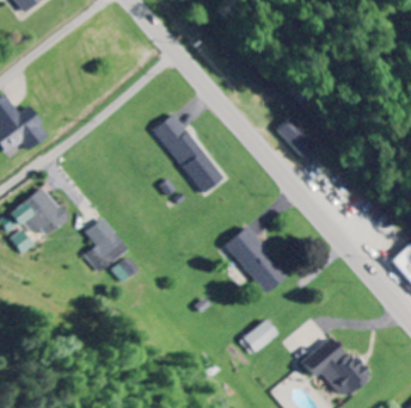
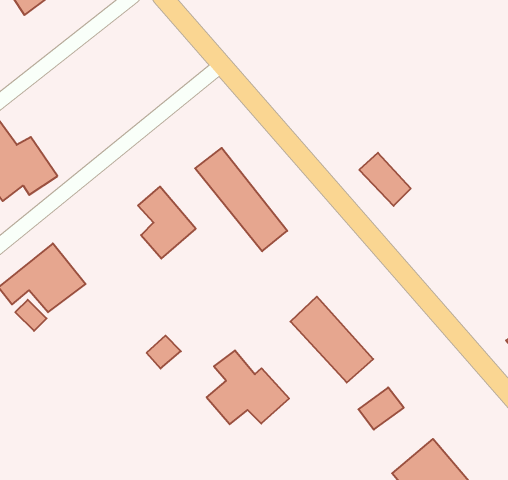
building: [86,217,130,272] -> [138,187,196,259]
building: none -> [207,350,289,424]
building: [245,320,280,352] -> [358,387,404,430]

